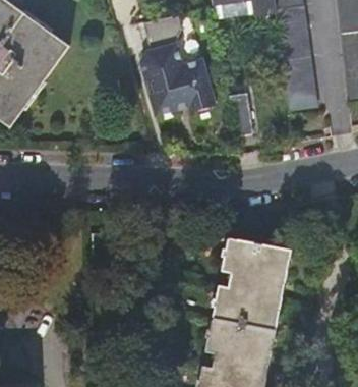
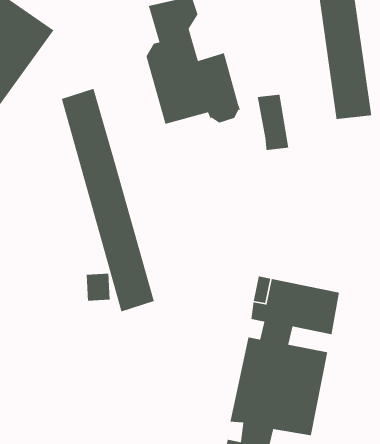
building: none -> [61,88,155,313]

